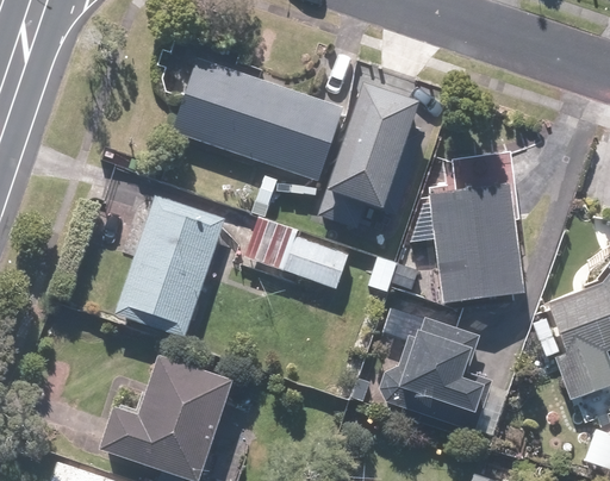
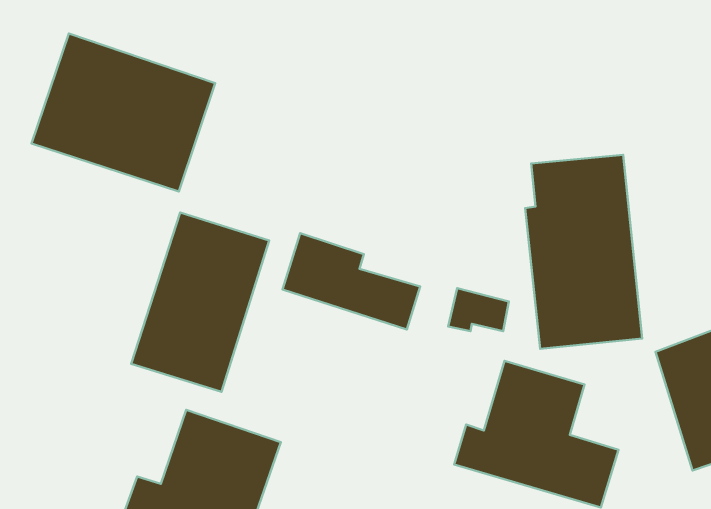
building: none -> [31,34,215,192]
building: [170,57,344,183] -> none
building: [319,81,418,220] -> none

